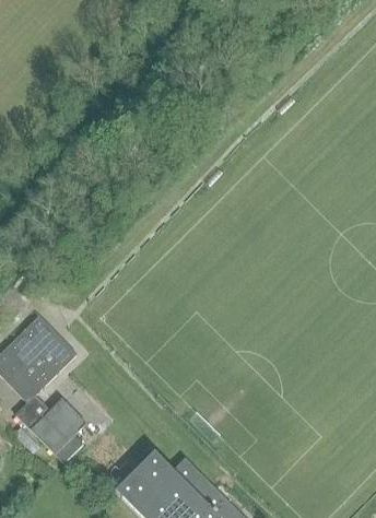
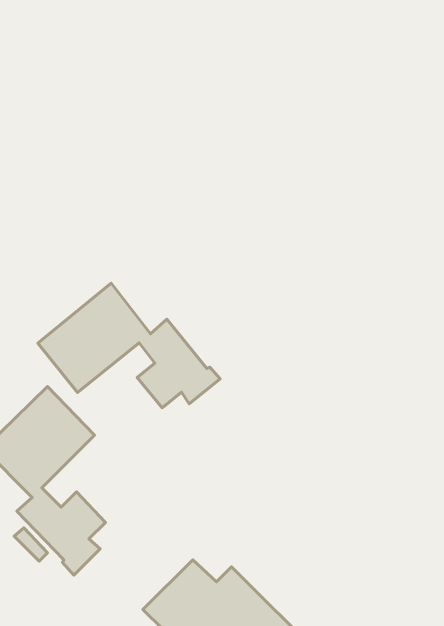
building: none -> [38,283,220,408]

